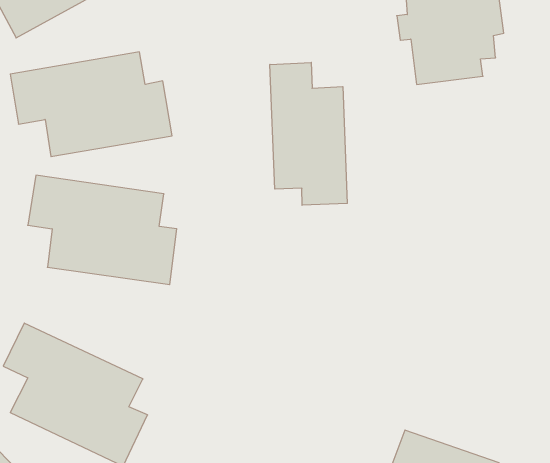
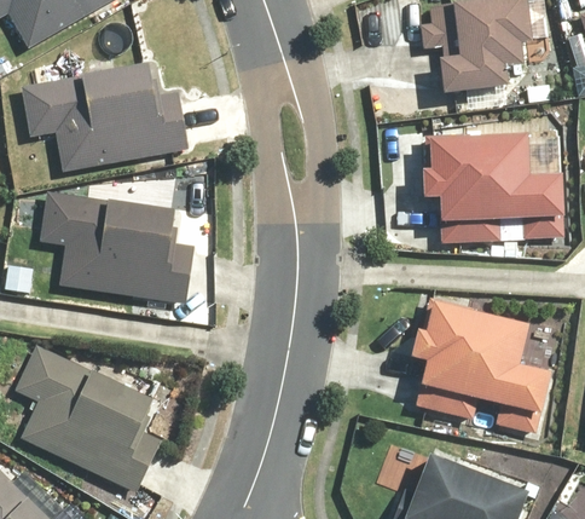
building: [270,62,347,205] -> none
building: none -> [422,133,566,242]
building: none -> [412,299,556,432]

